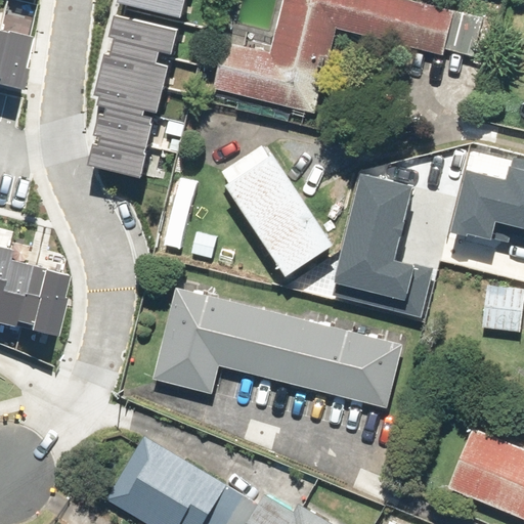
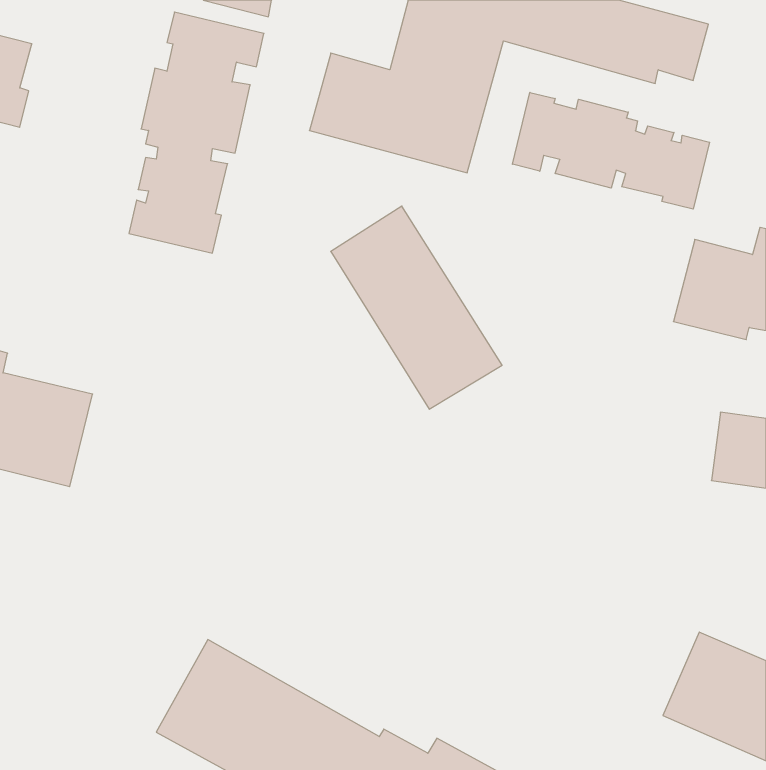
building: none -> [512,92,710,209]
building: [333,176,429,309] -> none
building: [152,287,405,410] -> none

